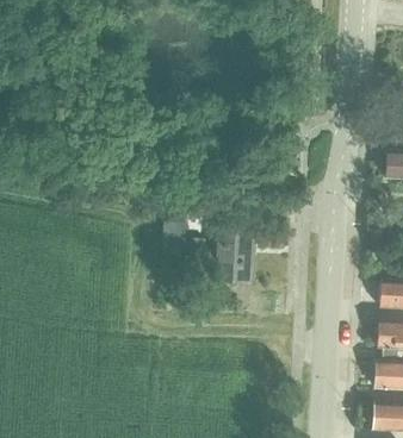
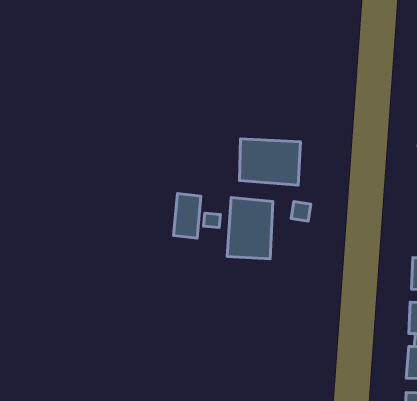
building: none -> [239,139,301,185]

